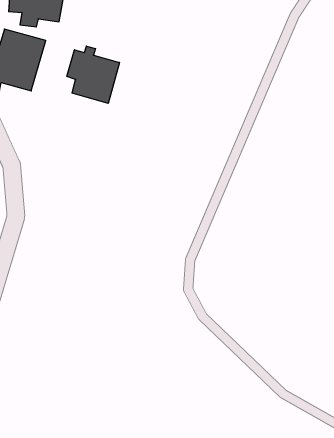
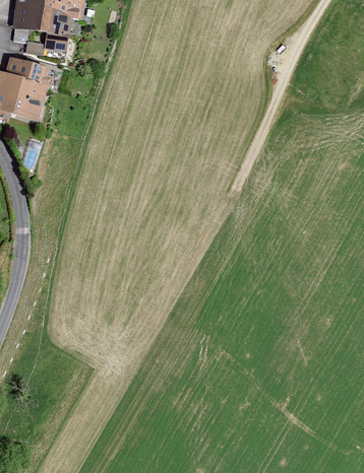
building: [67,46,119,103] -> none

